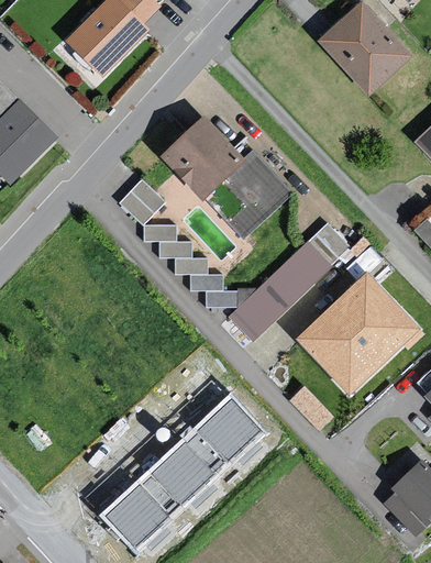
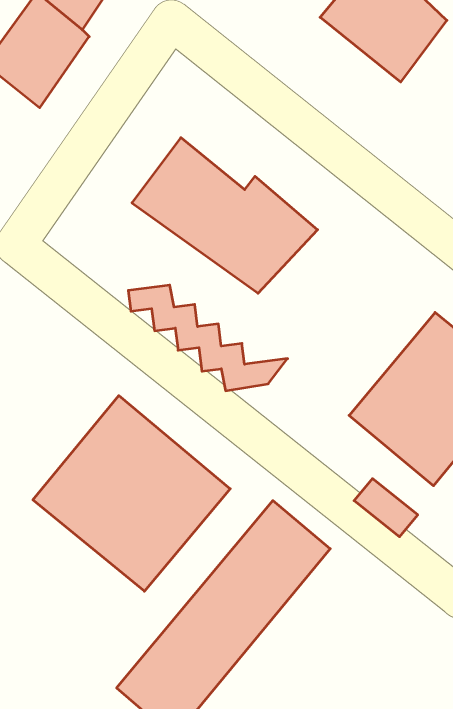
building: [122,178,169,224] -> none
building: [232,220,354,339] -> none
building: none -> [33,396,230,591]

